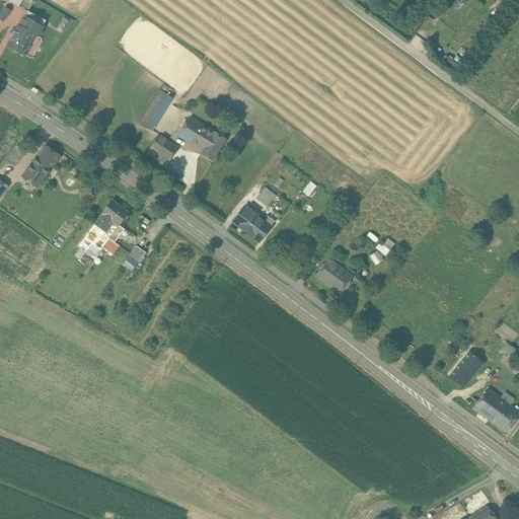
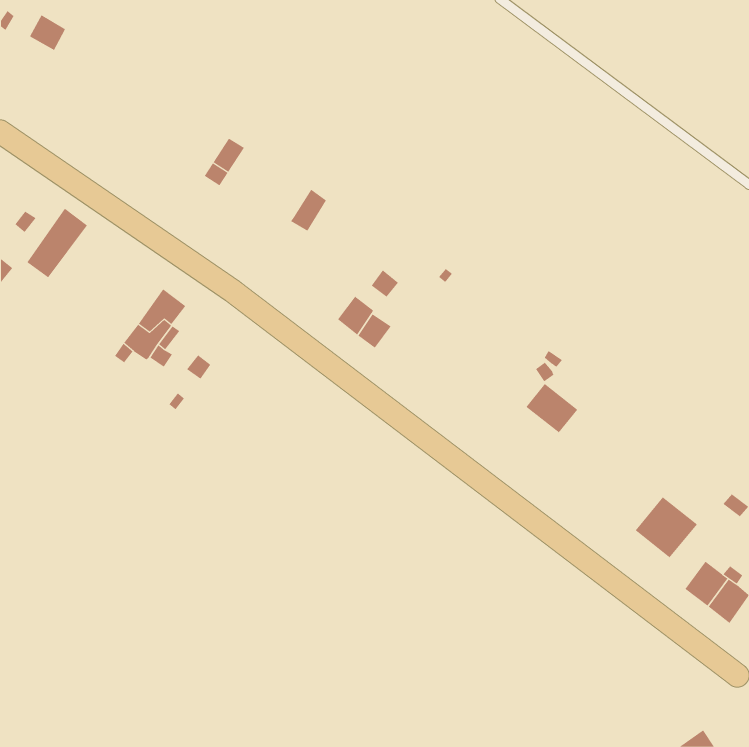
building: [7,25,36,55] -> none
building: [178,117,215,150] -> none
building: [149,134,179,161] -> none
building: [316,258,353,293] -> [525,383,578,433]

